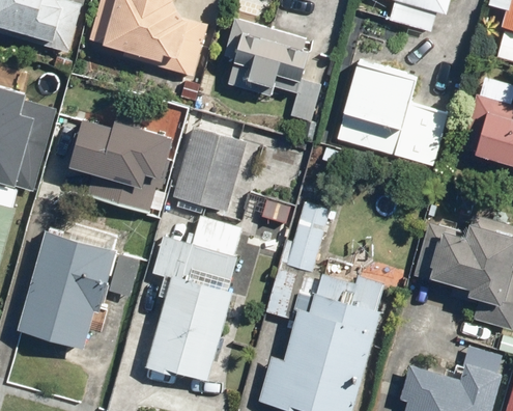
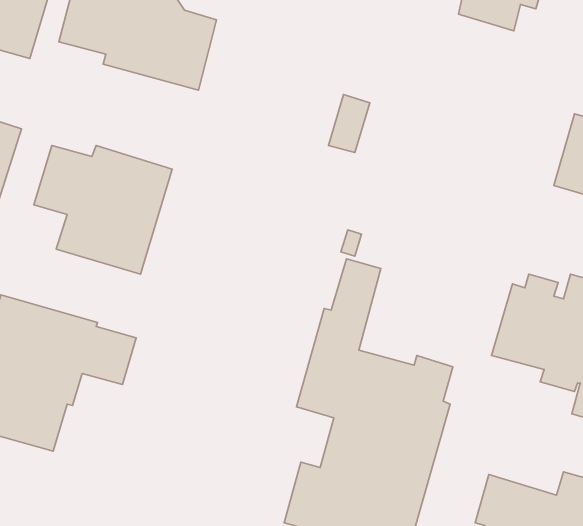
building: [223,18,308,97] -> none
building: [336,59,447,164] -> none
building: [171,127,246,212] -> none
building: [145,217,240,381] -> none

